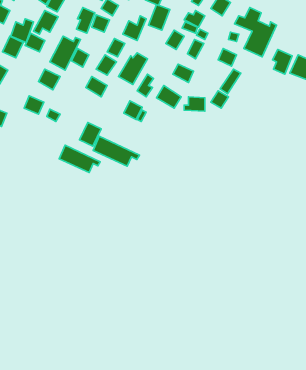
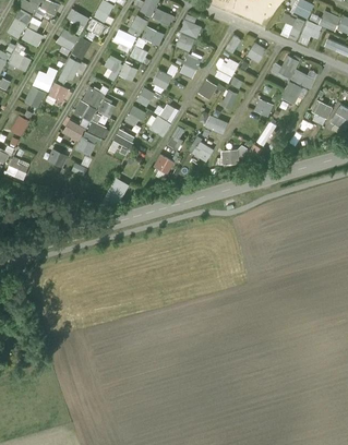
building: none -> [79,121,107,156]
building: [93,136,140,166] -> none
building: [59,145,100,172] -> none

